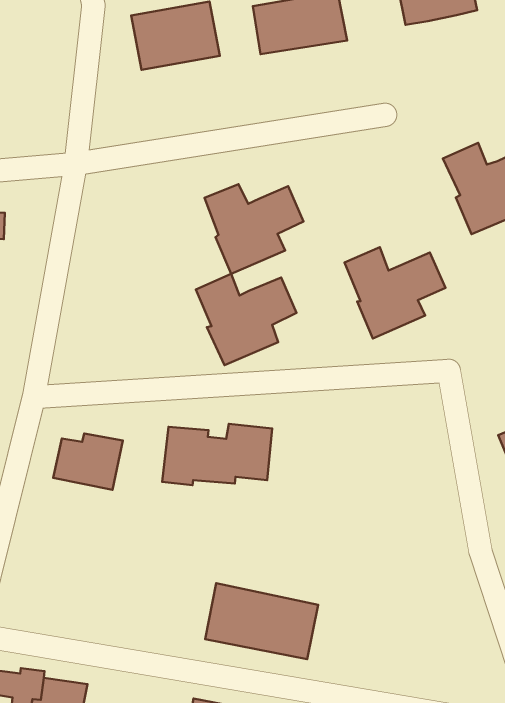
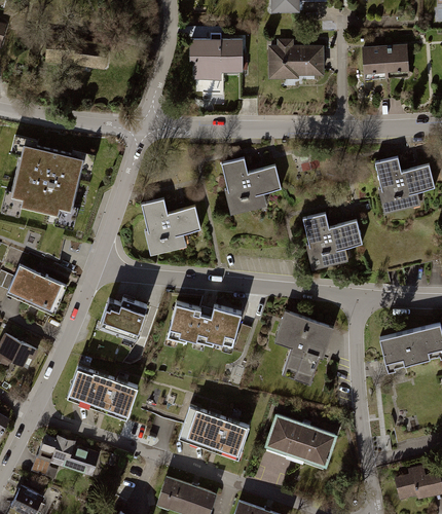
building: [196,274,297,365] -> [140,197,200,254]
building: none -> [275,311,335,386]
building: none -> [69,367,141,420]
building: none -> [265,414,337,468]

